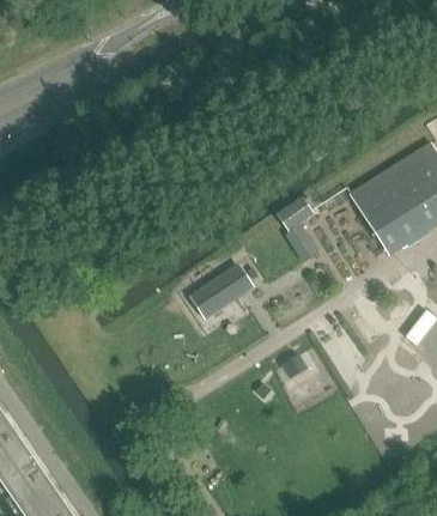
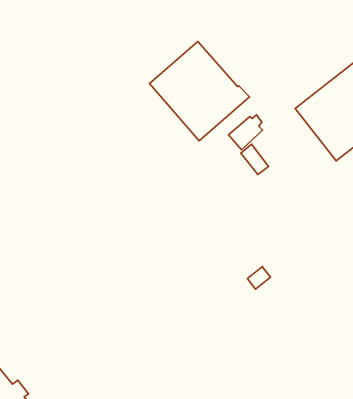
building: none -> [149,41,249,141]
building: [192,271,244,316] -> none

